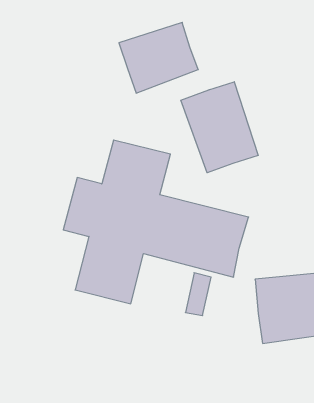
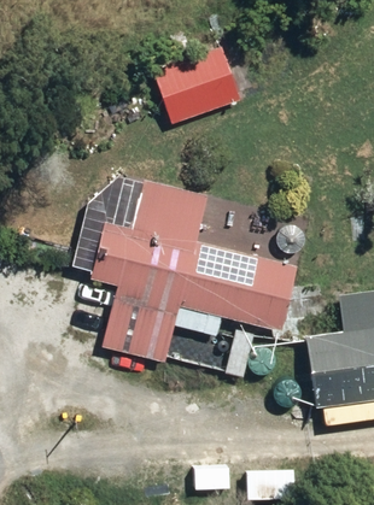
building: [181,82,258,173] -> none

